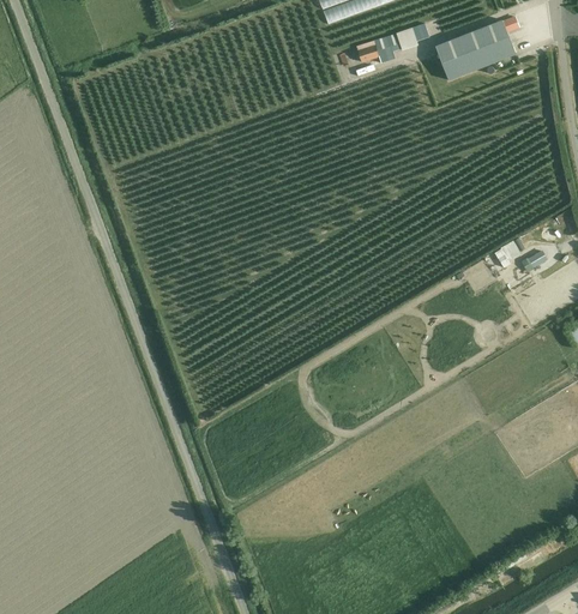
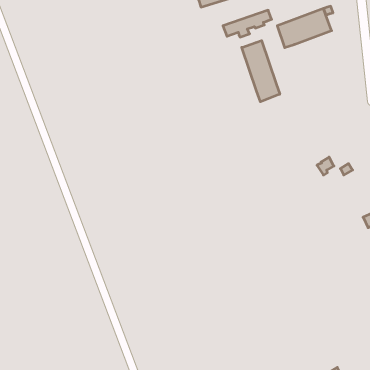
building: none -> [242,41,280,102]

